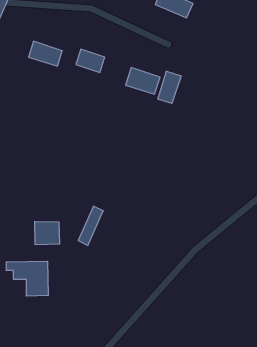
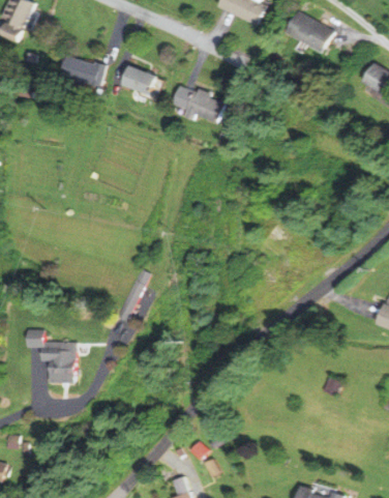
building: none -> [282,10,332,52]
building: [158,71,181,104] -> none
building: [35,221,59,245] -> none

